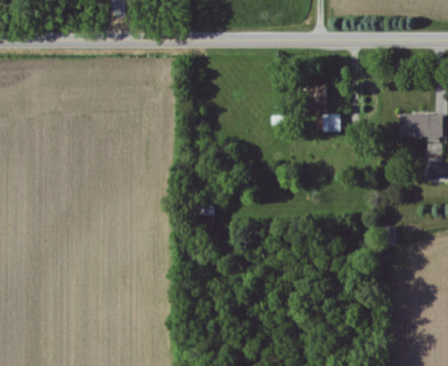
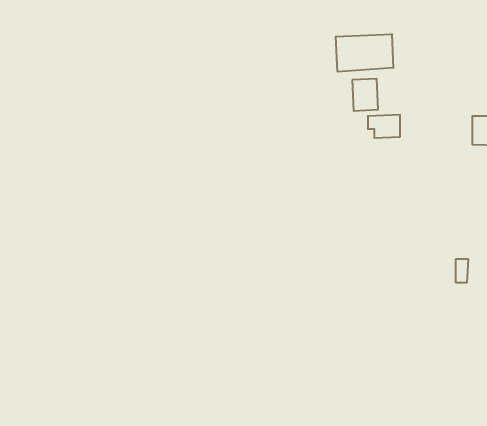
building: none -> [336,34,393,72]

